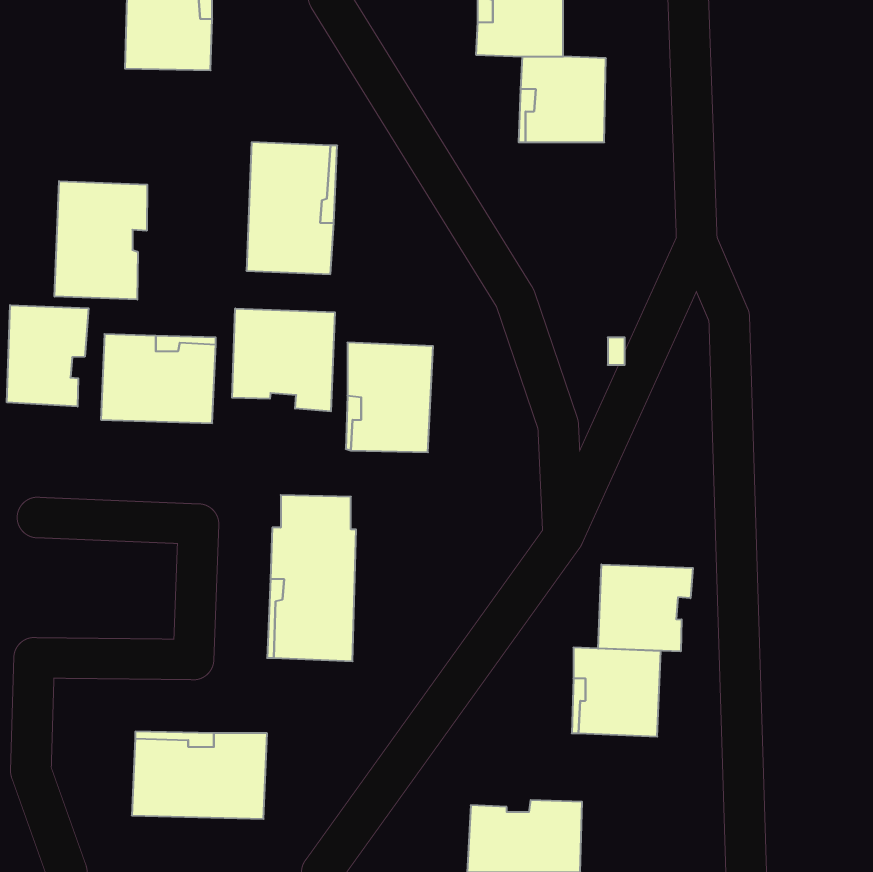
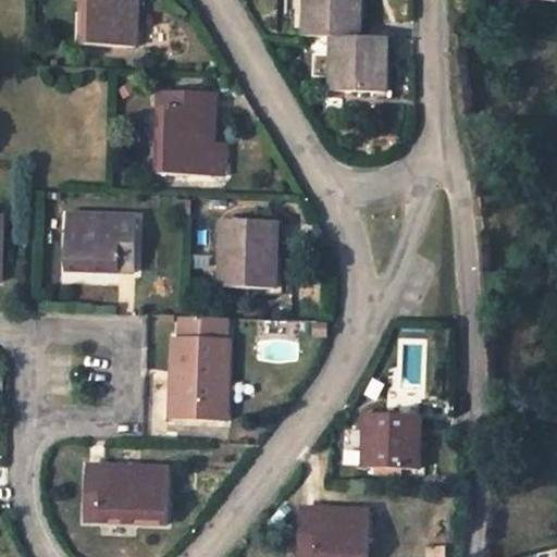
building: [55,181,147,300] -> none
building: [7,305,89,407] -> none
building: [232,308,335,411] -> none
building: [598,564,693,651] -> none

